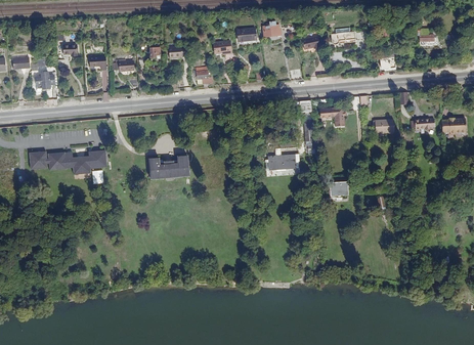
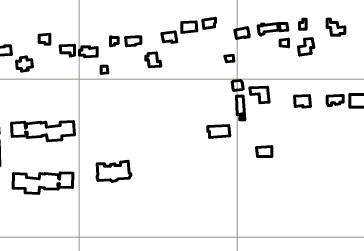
building: [149,156,190,180] -> [97,161,131,181]
building: none -> [13,173,73,193]

